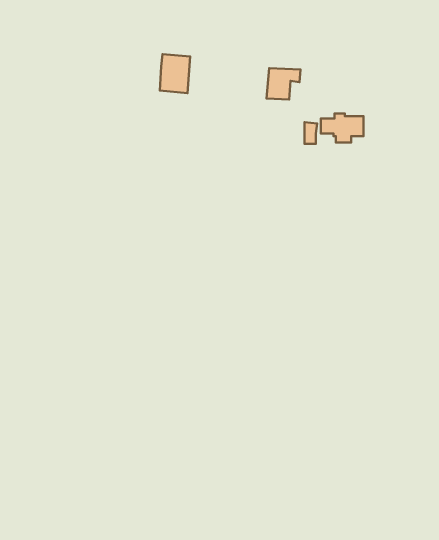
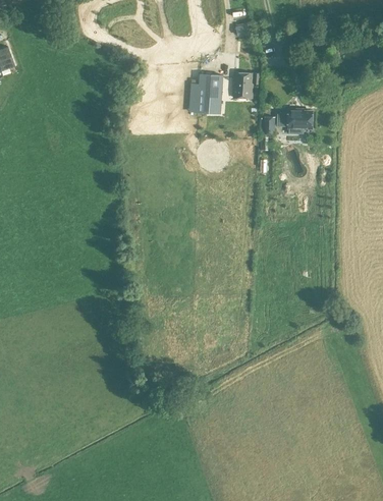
building: [160,54,190,93] -> [197,73,221,105]

